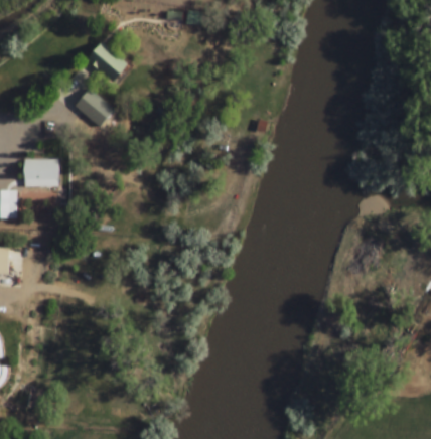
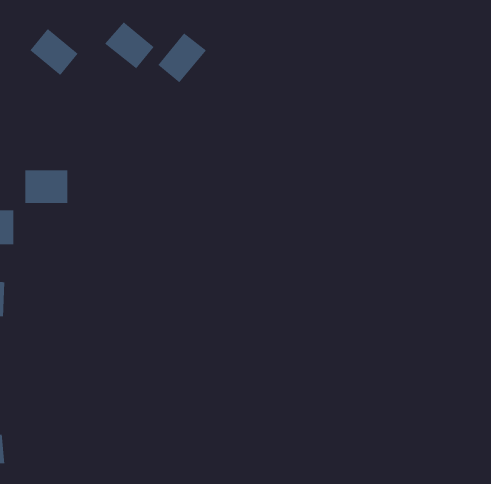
building: none -> [158,33,207,83]
building: [75,89,113,126] -> [30,28,79,76]

